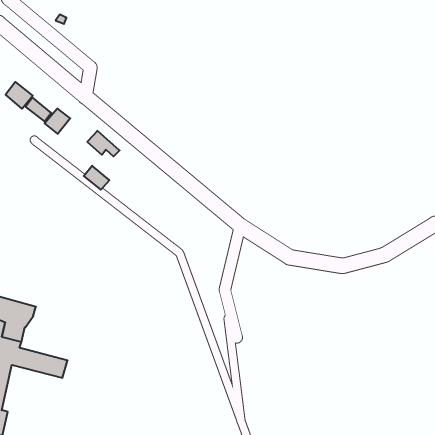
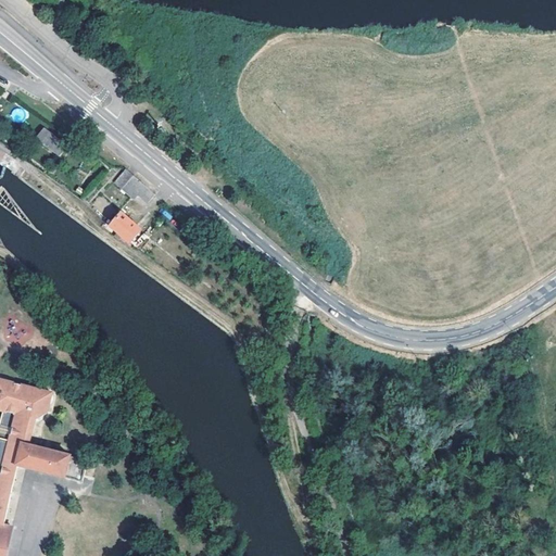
building: [6,82,33,109] -> none
building: [45,109,70,134] -> none

